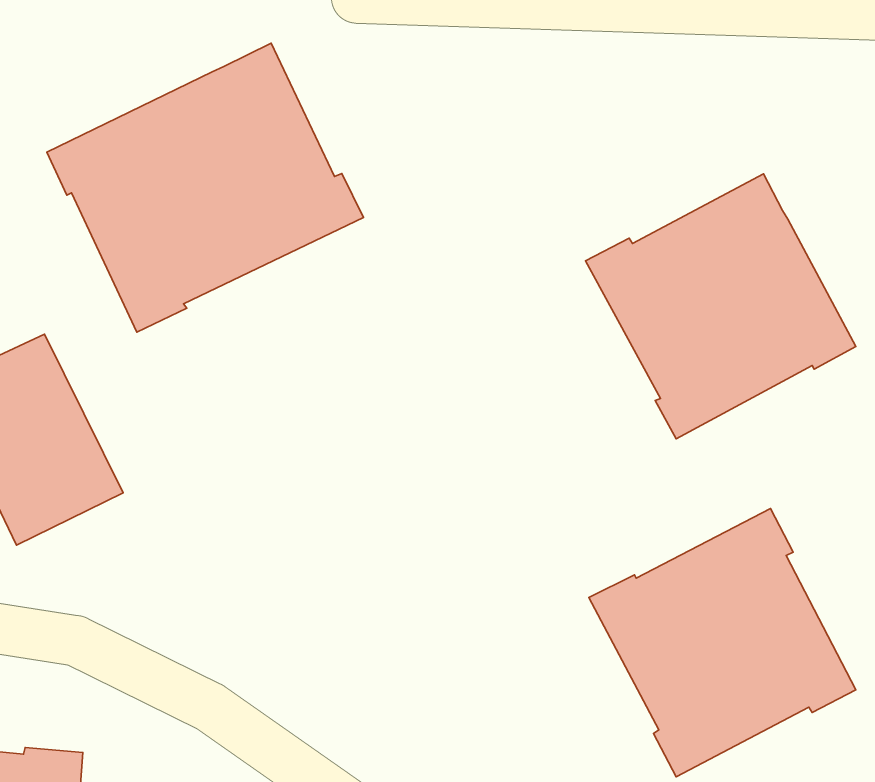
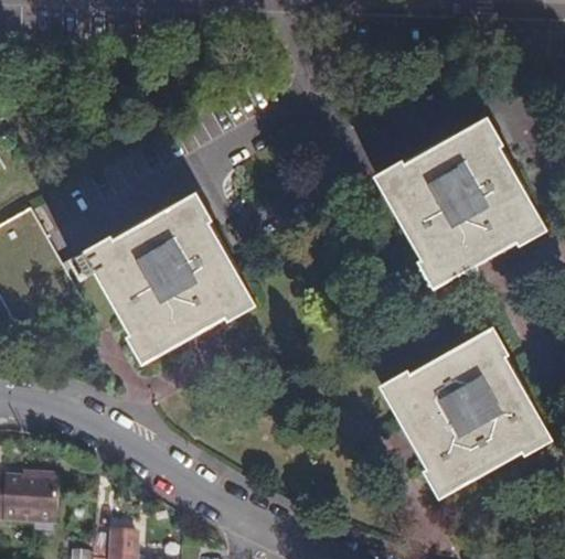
building: [47,43,363,332] -> none
building: none -> [86,197,259,369]

